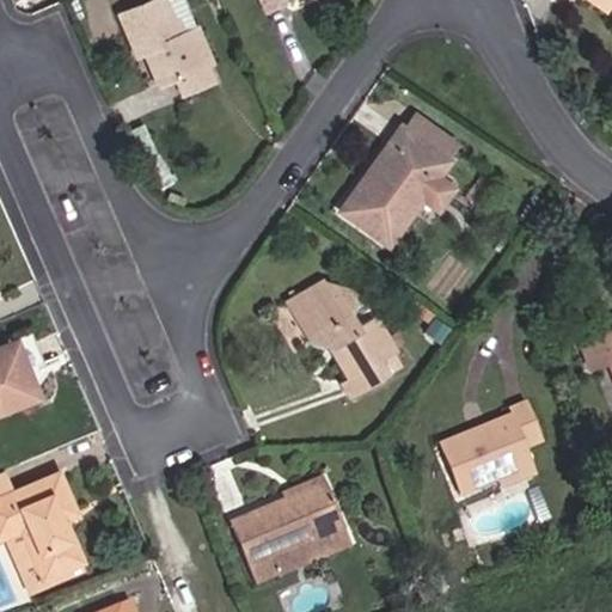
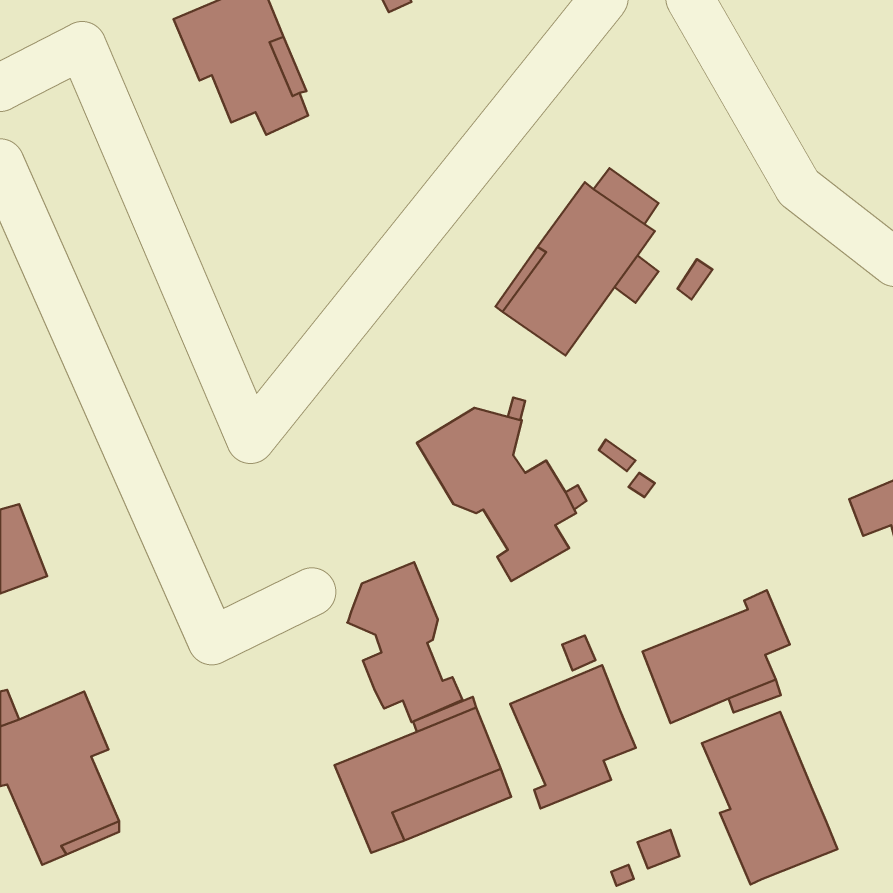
building: none -> [347,562,462,722]
building: none -> [510,665,636,808]
building: none -> [702,712,838,885]

